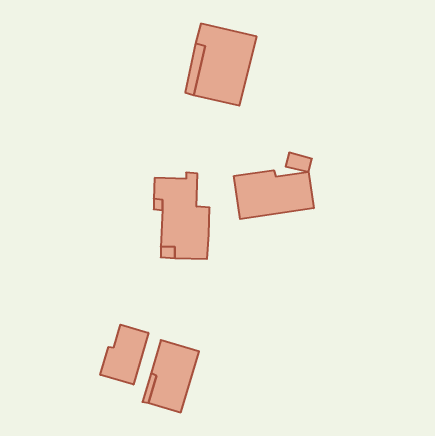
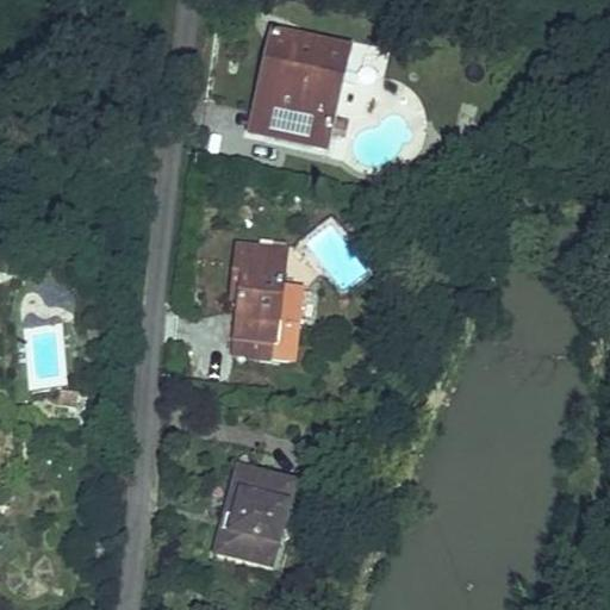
building: [234,170,314,219] -> none
building: [100,325,148,385] -> none

